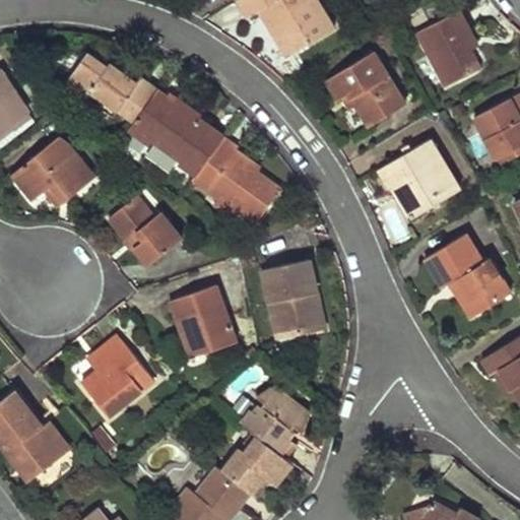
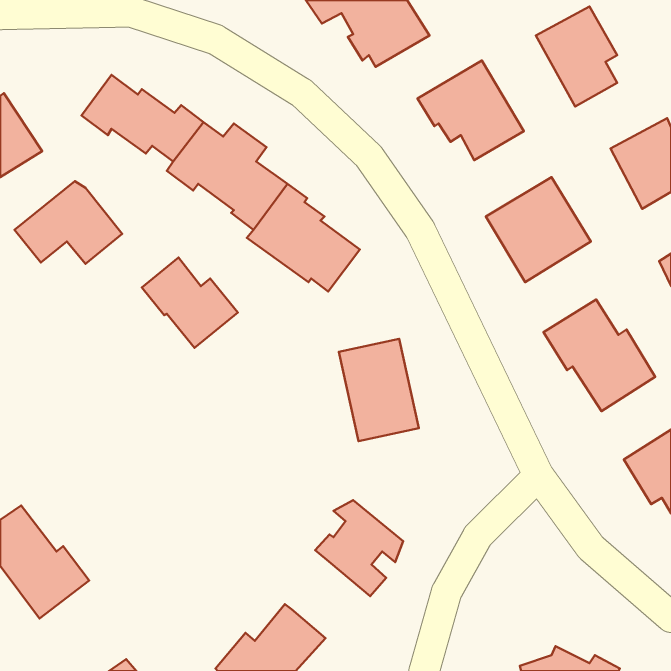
building: [173,285,239,356] -> none
building: [82,342,155,419] -> none
building: [225,436,292,501] -> none

